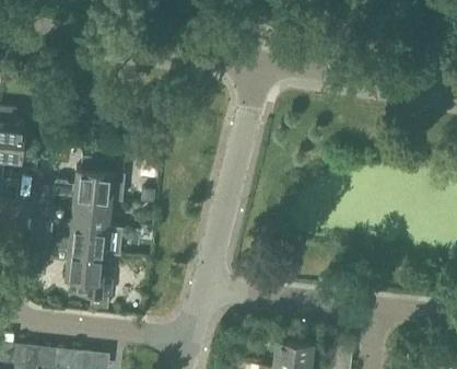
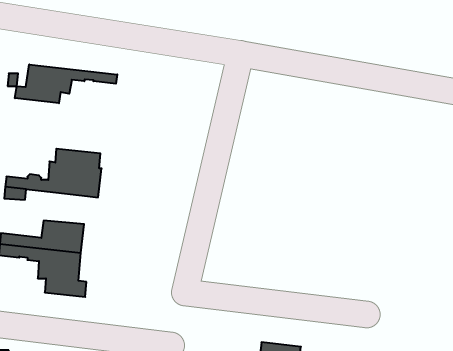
building: none -> [15,64,117,103]
building: [70,195,112,226] -> none

